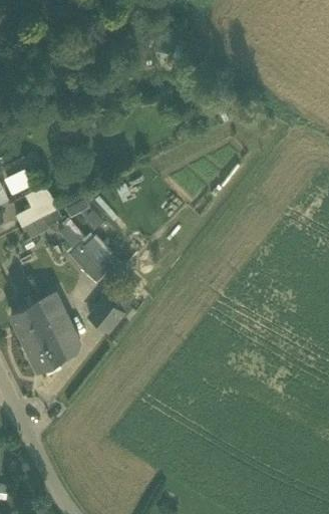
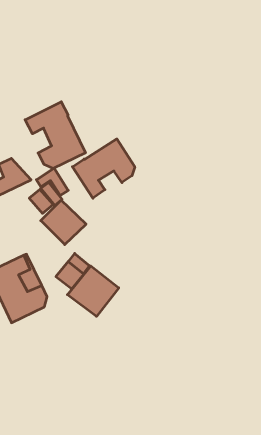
building: none -> [25,102,85,169]
building: none -> [72,139,135,198]
building: none -> [67,266,119,316]

